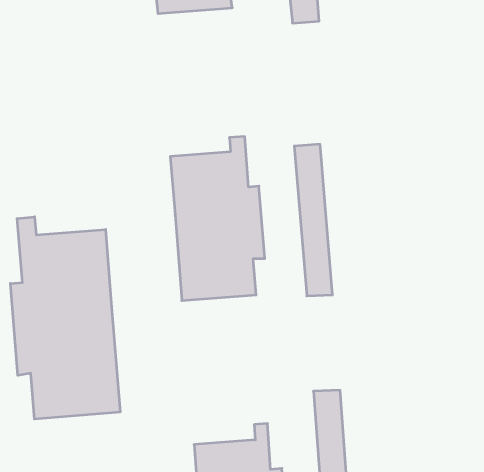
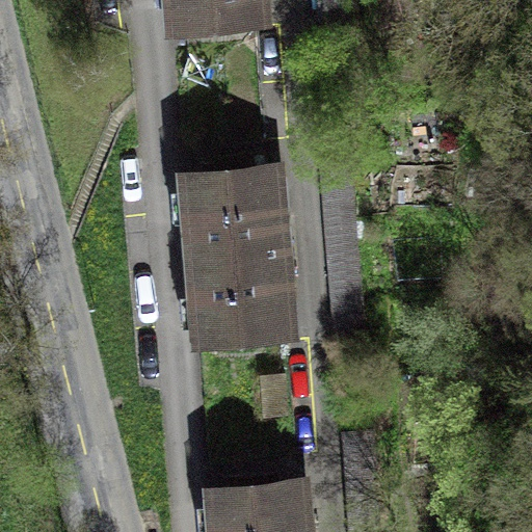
building: [10,217,120,419] -> none

